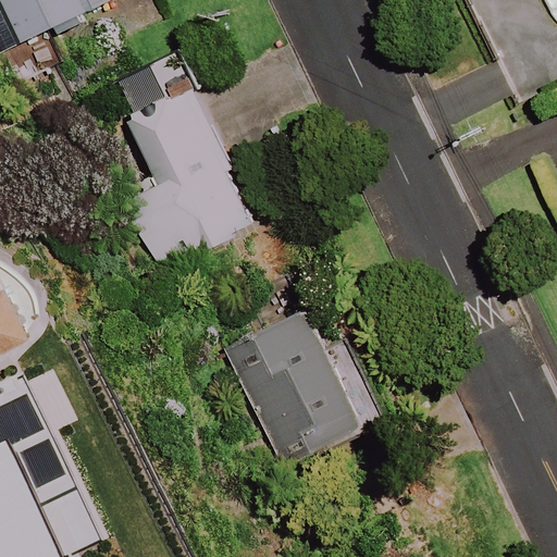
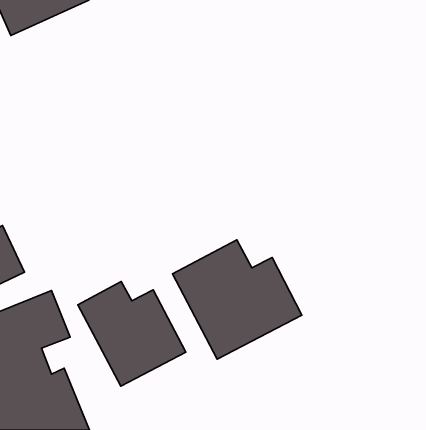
building: [114,67,246,262] -> none
building: none -> [78,282,186,386]

